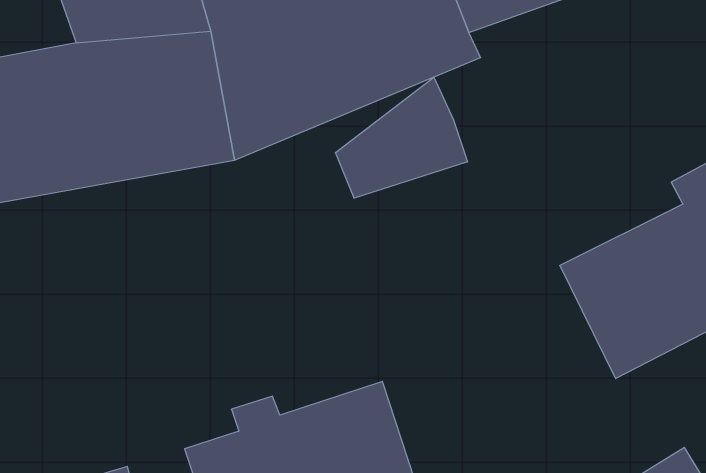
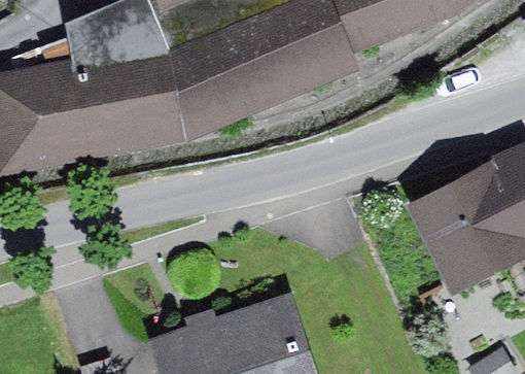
building: [335,77,468,198] -> none

